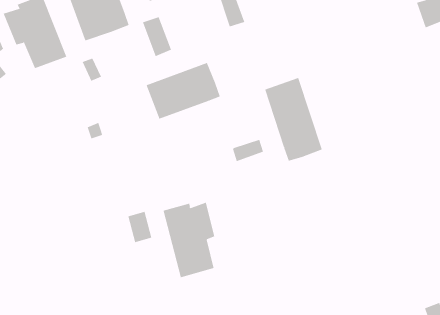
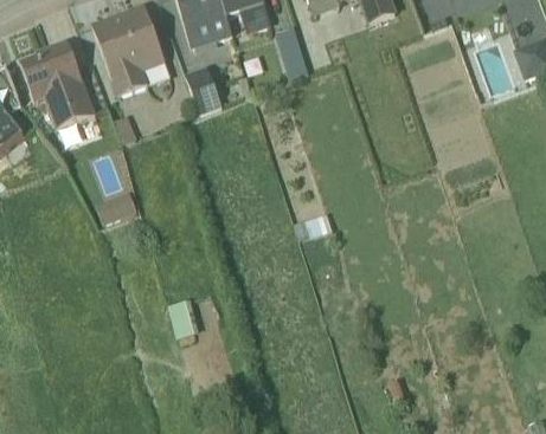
building: [146,62,220,119] -> none
building: [264,77,323,162] -> none
building: [163,202,215,278] -> none

